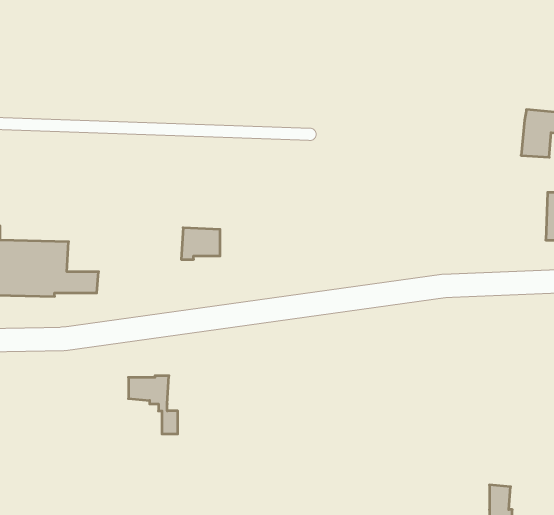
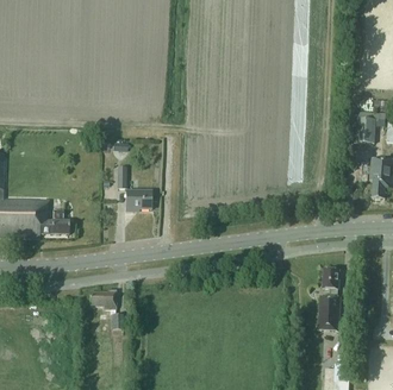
building: none -> [318,270,341,331]

